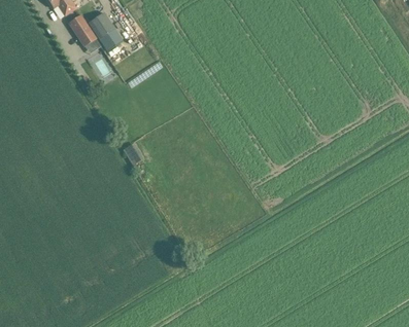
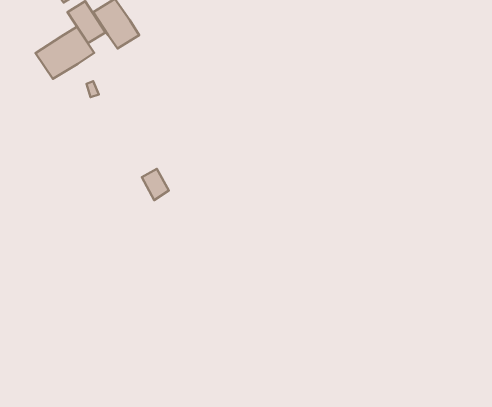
building: none -> [35,27,94,79]

